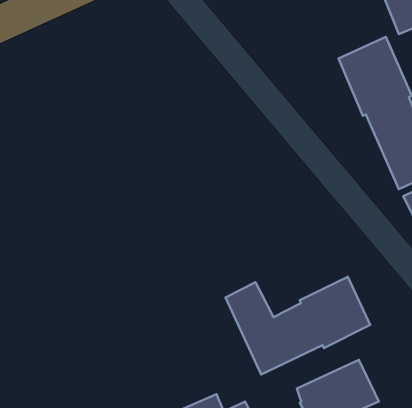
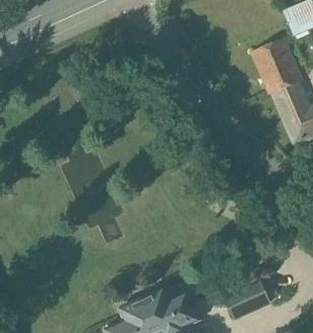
building: [225,277,370,374] -> none

